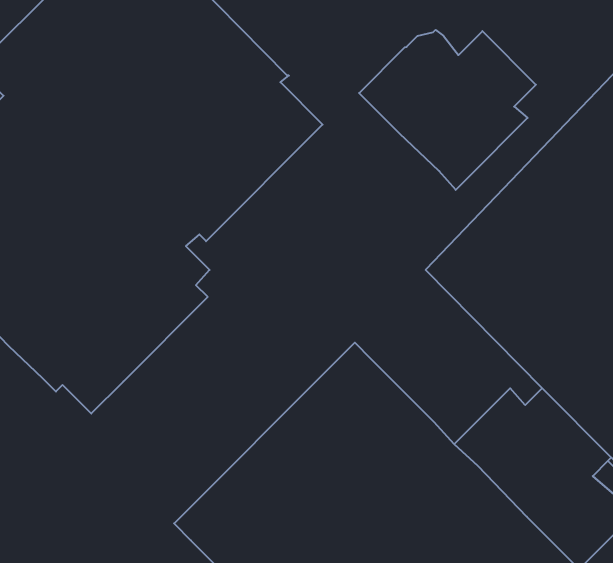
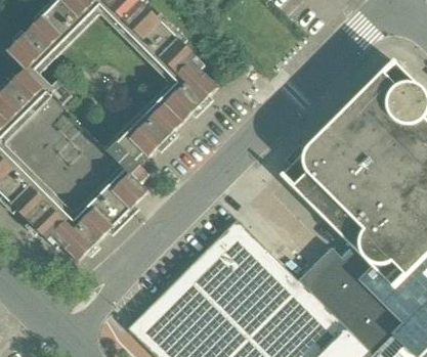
building: [359,30,536,190] -> none

